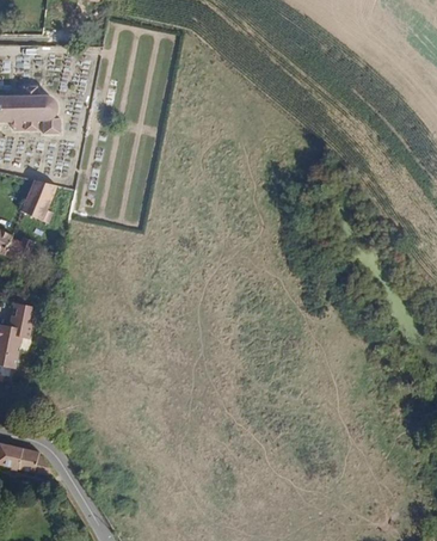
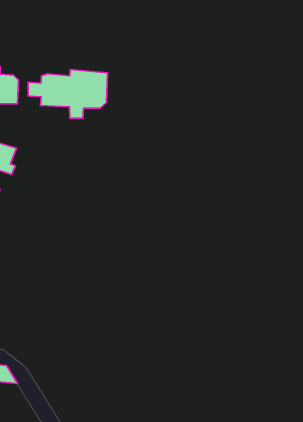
building: none -> [28,70,108,118]

